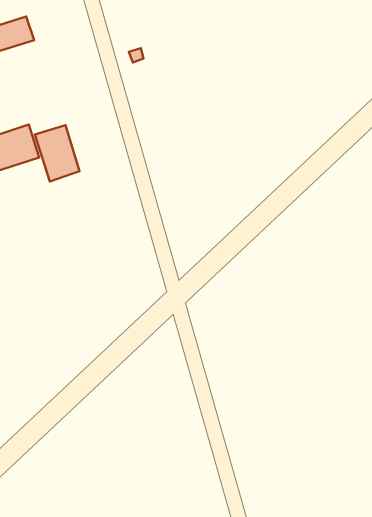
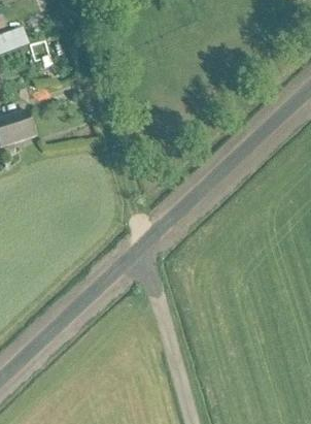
building: [35,125,80,181] -> none

